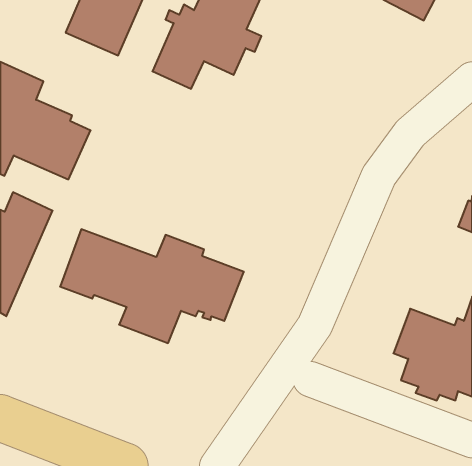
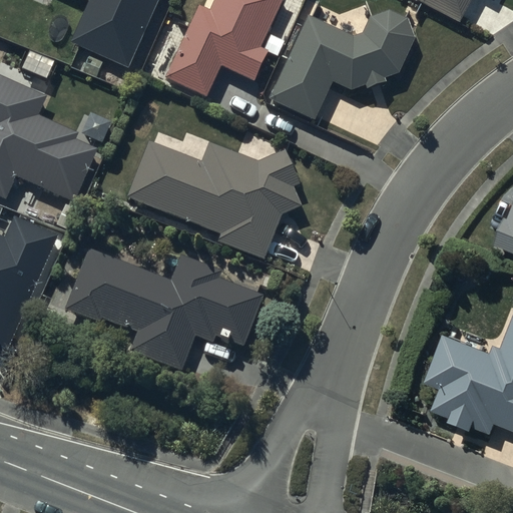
building: none -> [270,11,415,120]
building: none -> [127,142,302,259]

